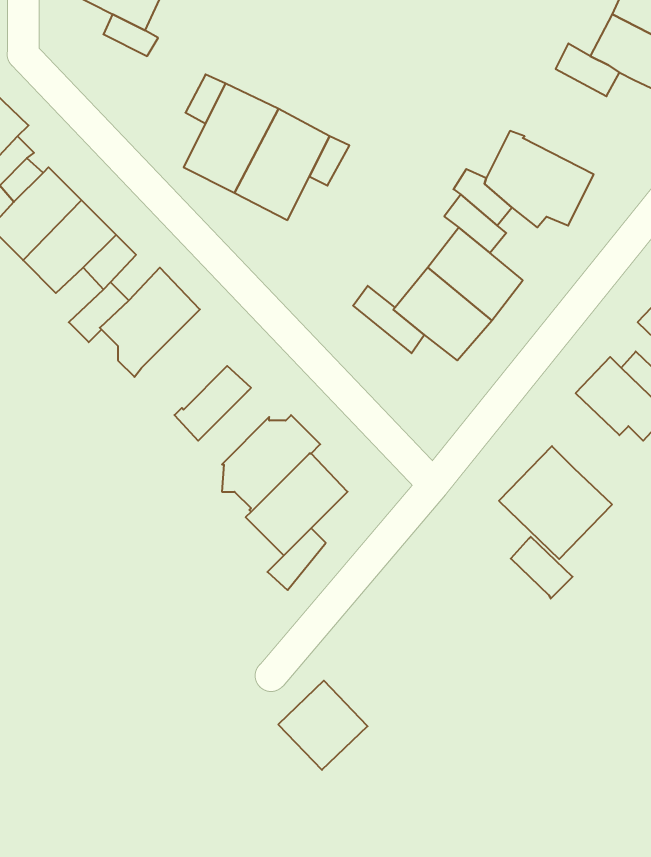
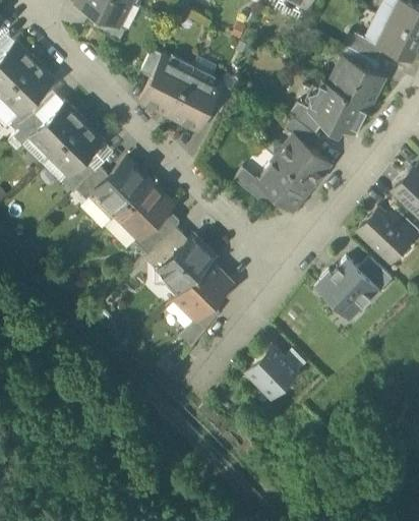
building: none -> [328,61,380,107]
building: none -> [61,159,95,192]
building: none -> [116,182,172,238]
building: none -> [145,228,187,269]
building: [511,537,573,599] -> [357,258,392,293]
building: [278,681,368,770] -> [246,347,296,397]

